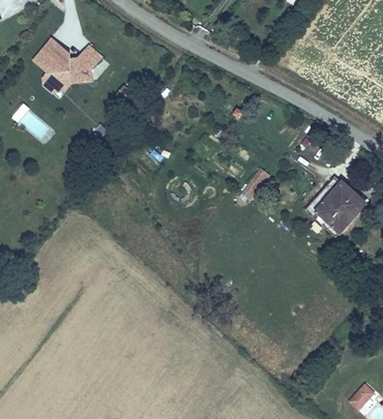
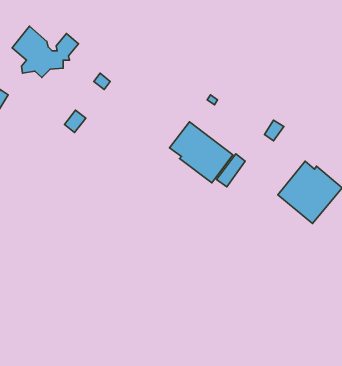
building: none -> [170,122,233,183]

